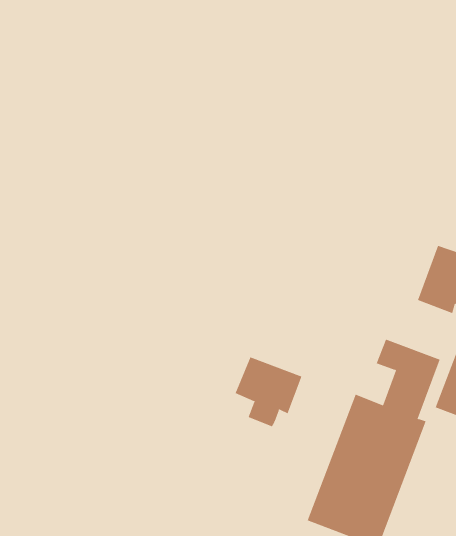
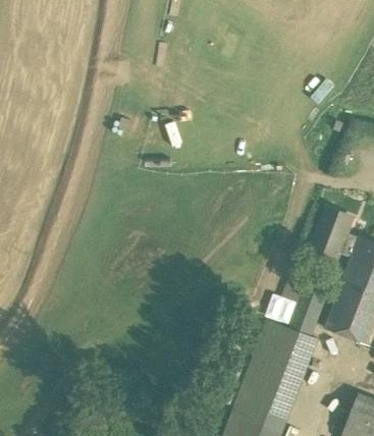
building: [235,356,302,427] -> none

